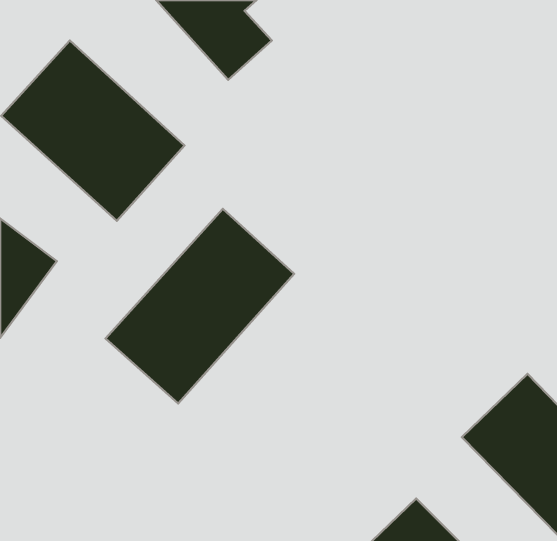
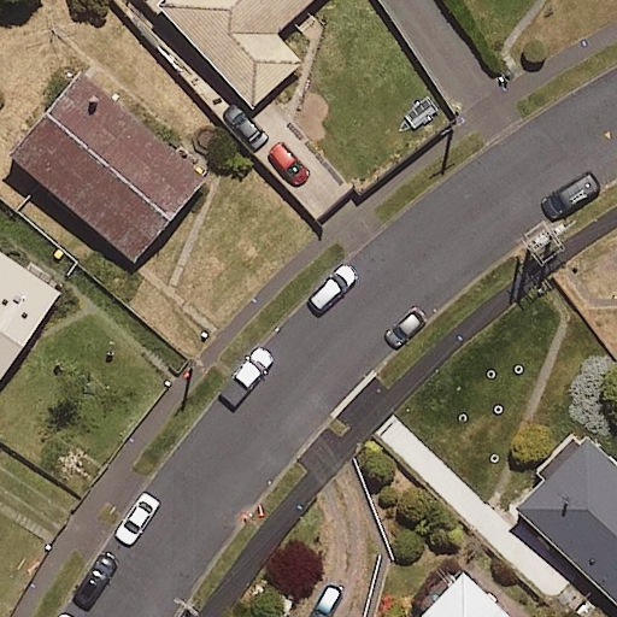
building: [106,209,294,403] -> none

